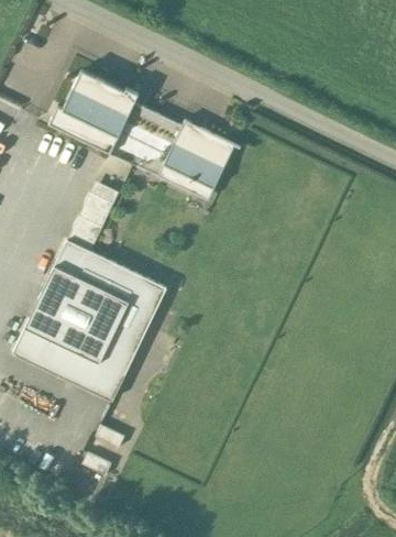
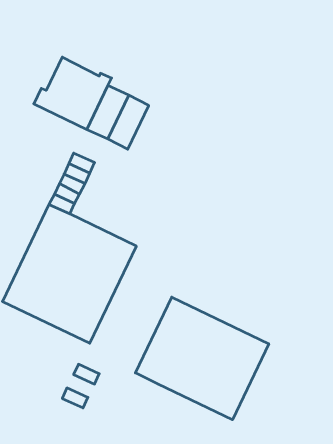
building: [157,119,240,194] -> none
building: none -> [135,297,269,420]

